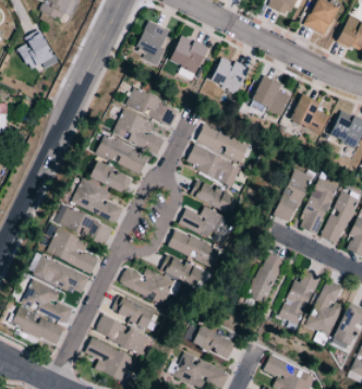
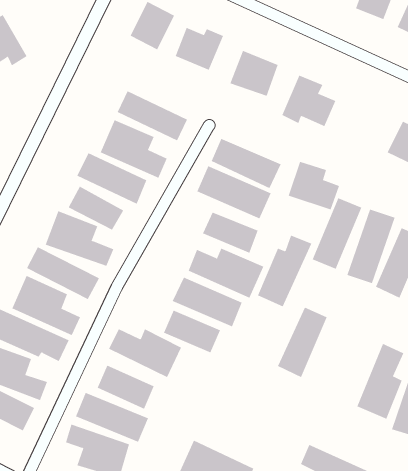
building: [290,96,329,133] -> [288,161,340,210]
building: [279,270,321,325] -> [257,235,312,307]
building: [183,323,236,360] -> none

